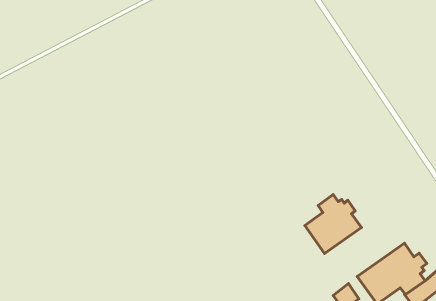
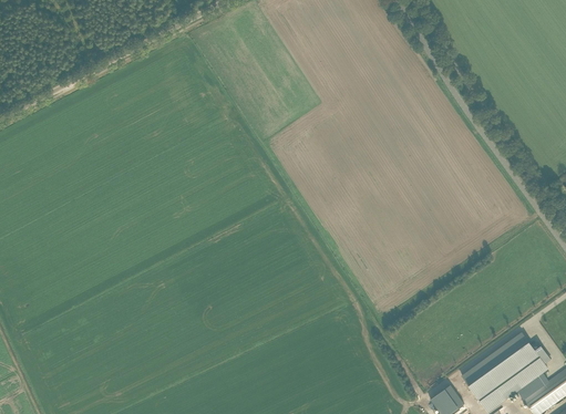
building: [305,194,361,253] -> none

